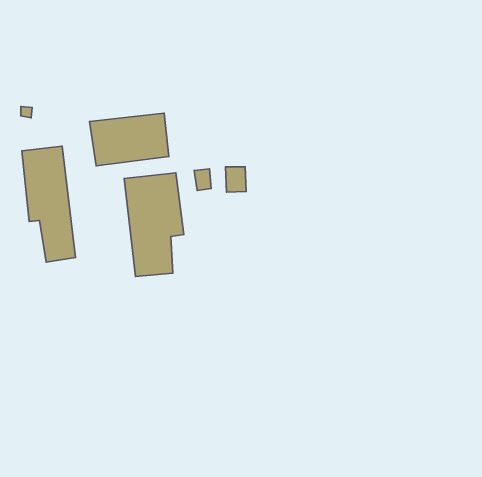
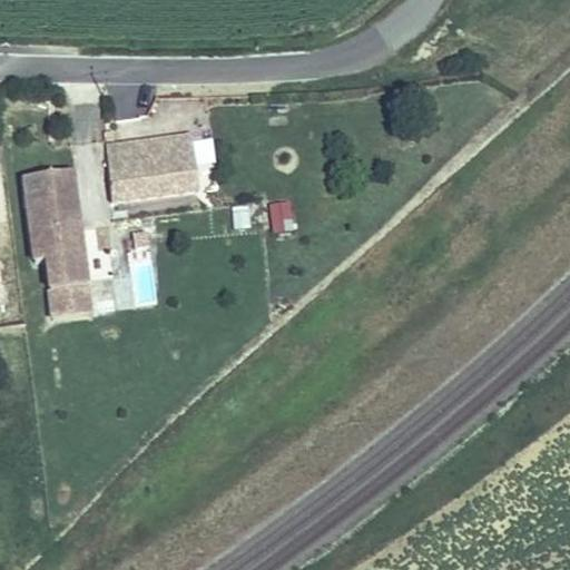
building: [124,173,184,276] -> none

